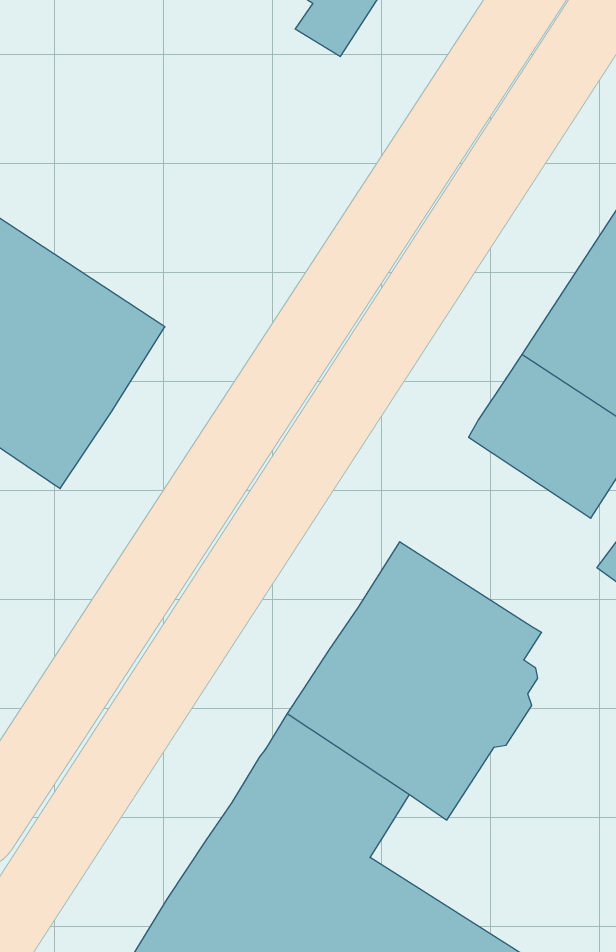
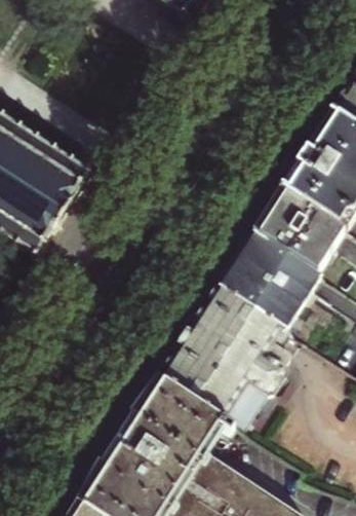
building: none -> [217,234,321,333]

